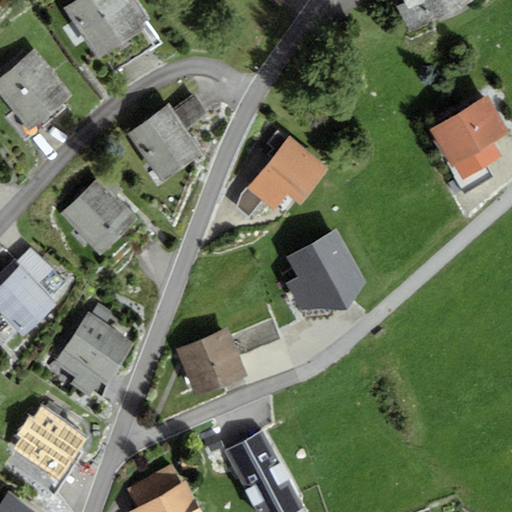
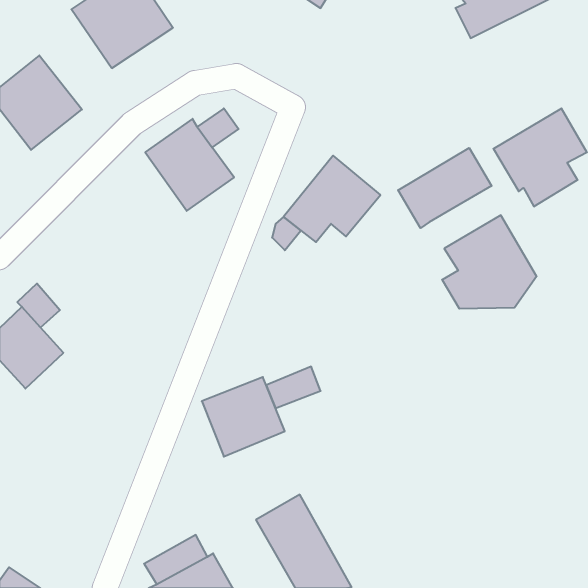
building: none -> [398,148,492,228]
building: [59,178,136,255] -> none
building: [284,229,366,310] -> [442,215,537,309]
building: [54,303,134,396] -> none
building: [11,405,87,480] -> none

